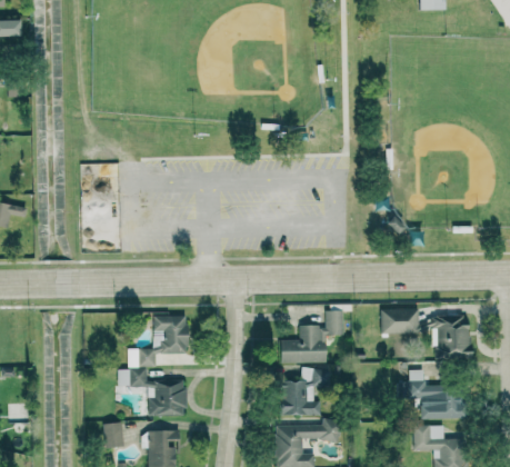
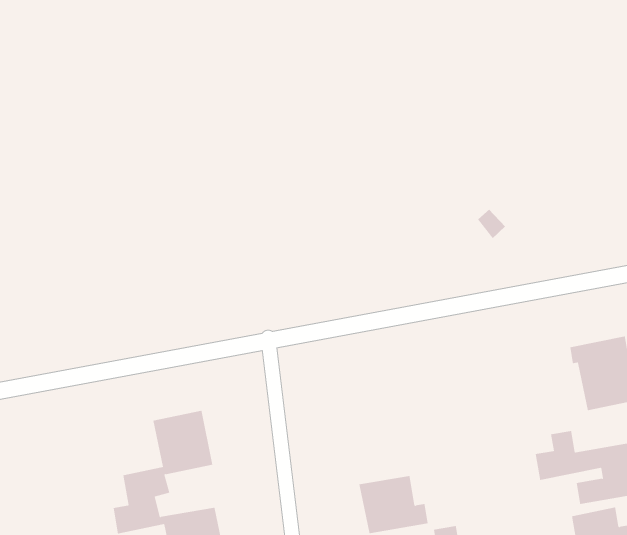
building: [380,308,418,334] -> none
building: [281,310,343,364] -> none

